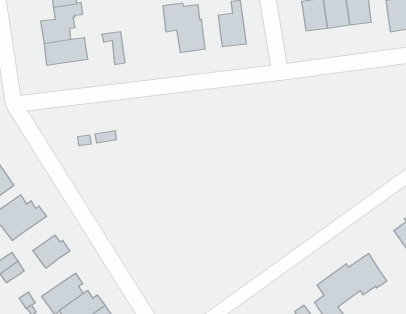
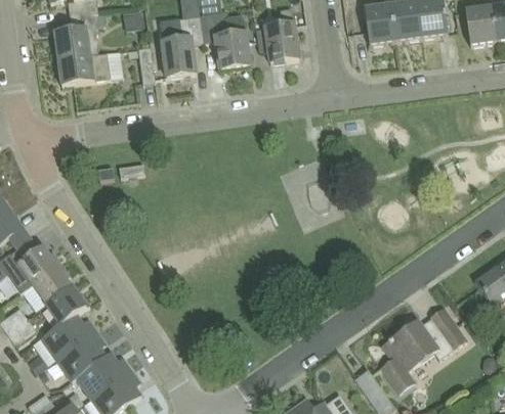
building: none -> [158,14,203,77]
building: none -> [31,264,71,305]
building: none -> [39,314,95,359]

